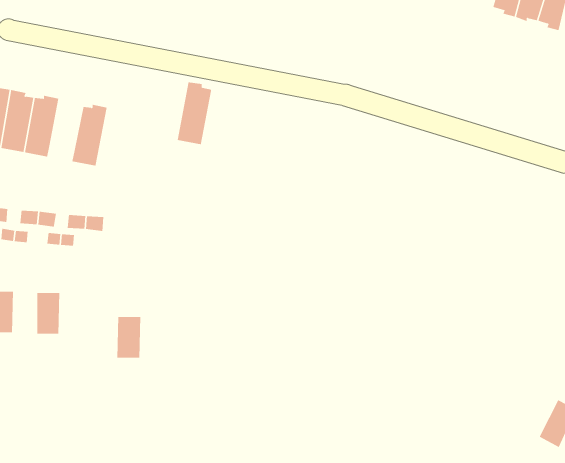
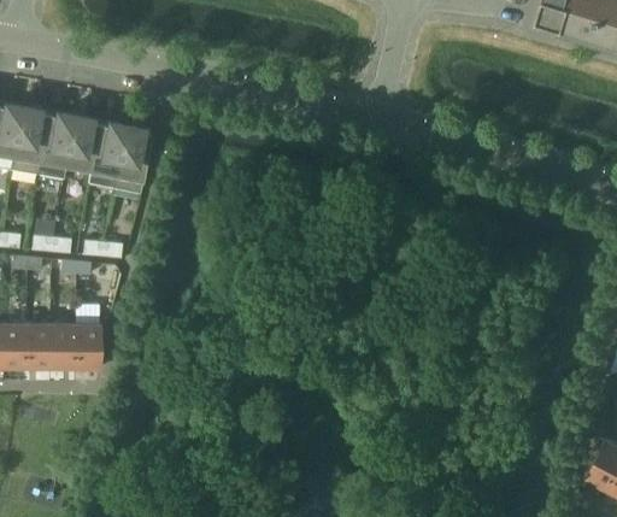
building: [177,82,212,145] -> [113,125,151,193]
building: none -> [64,116,99,171]
building: none -> [24,322,49,368]
building: [116,317,141,358] -> [74,323,100,368]

